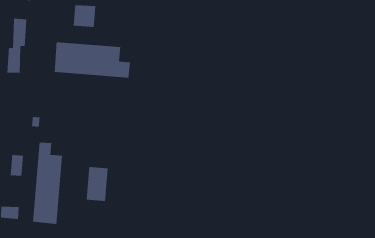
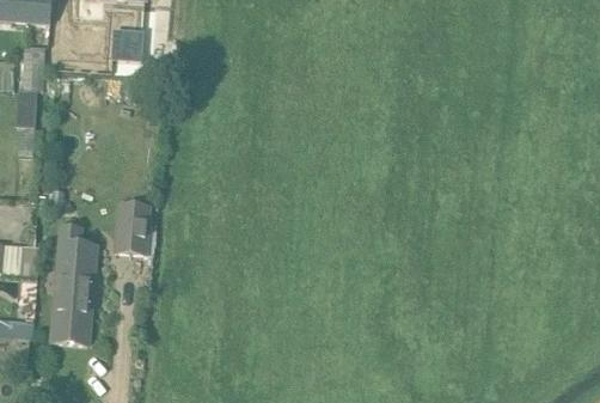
building: [54,42,130,78] -> none
building: [86,166,108,201] -> [116,203,148,254]

